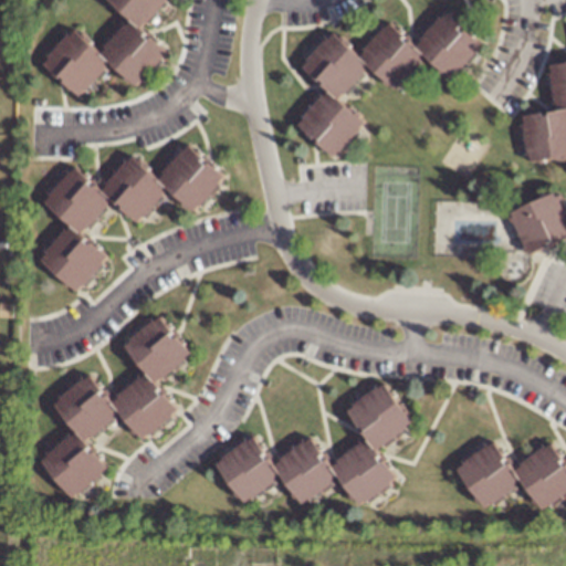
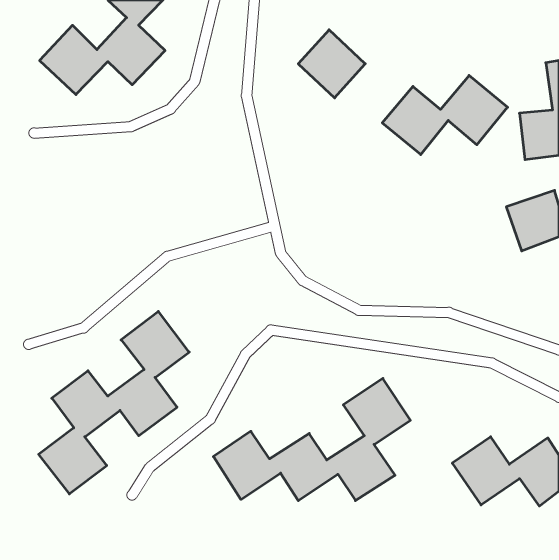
building: [356,11,482,91] -> [382,75,508,155]
building: [294,90,363,158] -> none
building: [38,145,222,293] -> none

